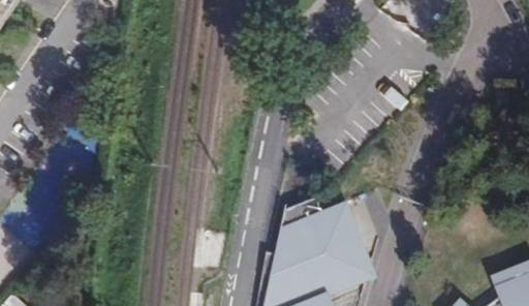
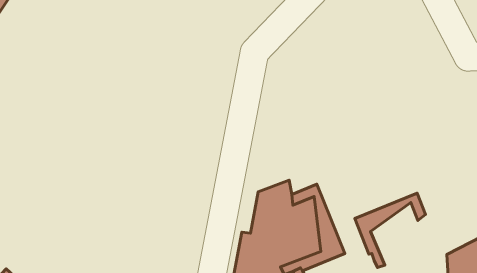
building: none -> [355,193,425,267]

